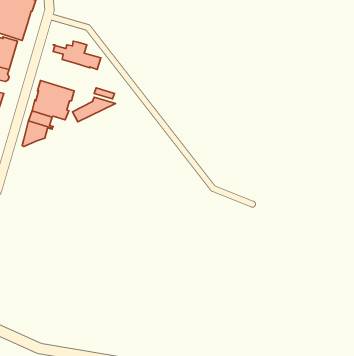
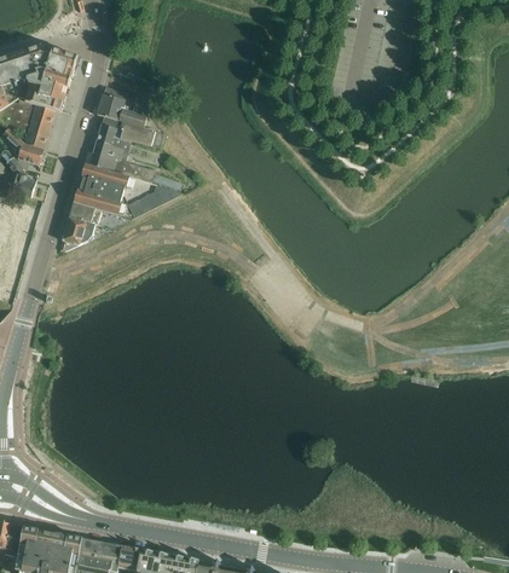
building: none -> [93,87,133,121]
building: none -> [81,125,150,183]

